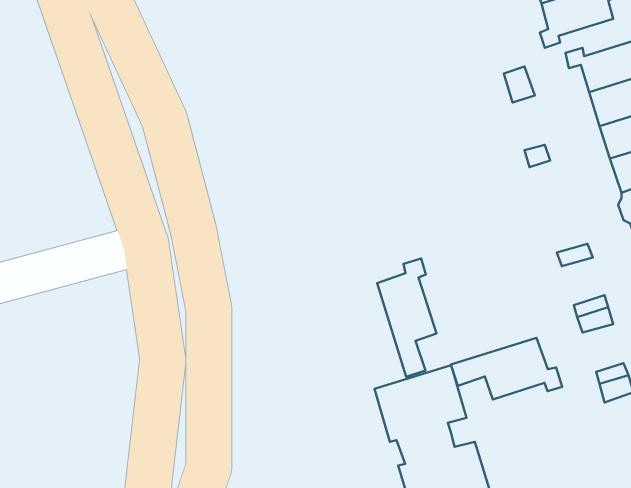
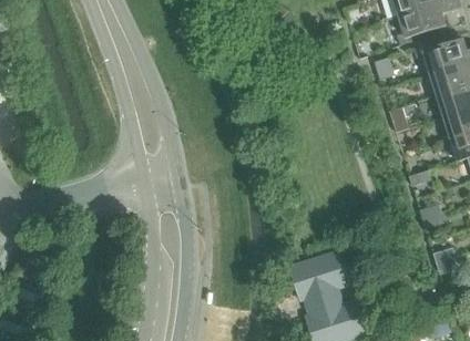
building: [377,259,436,377] -> none
building: [451,338,562,399] -> none

